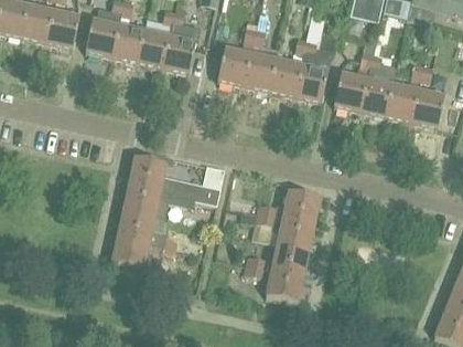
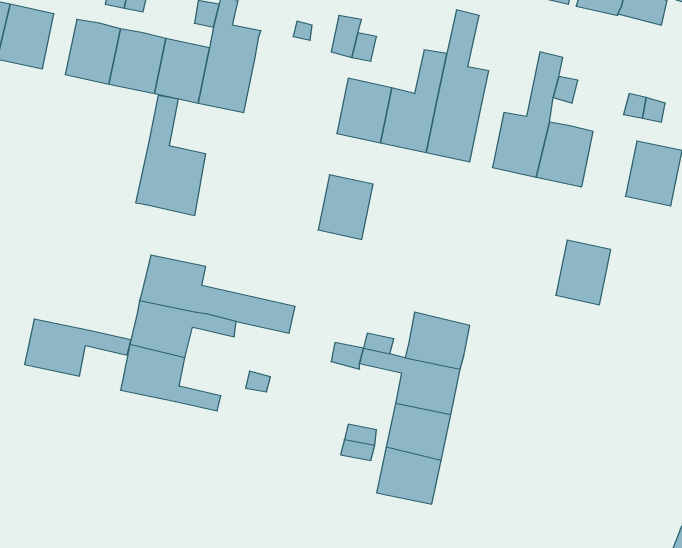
building: [217,49,249,86] -> [318,175,373,239]
building: none -> [136,95,206,216]
building: [385,85,417,123] -> [556,240,611,305]
building: [111,235,173,269] -> [25,319,131,376]

